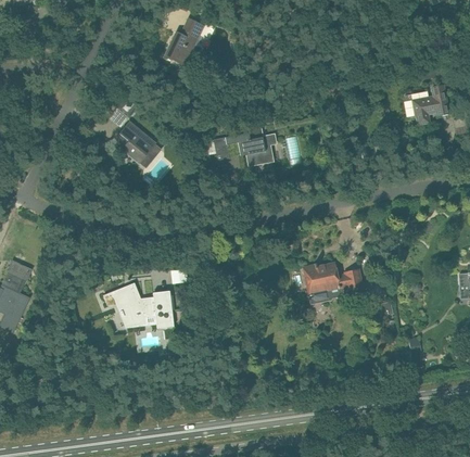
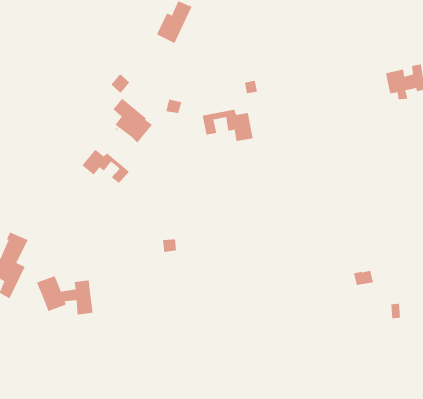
building: none -> [81,149,130,184]
building: [304,263,361,304] -> none
building: [113,285,174,327] -> [36,276,94,315]

